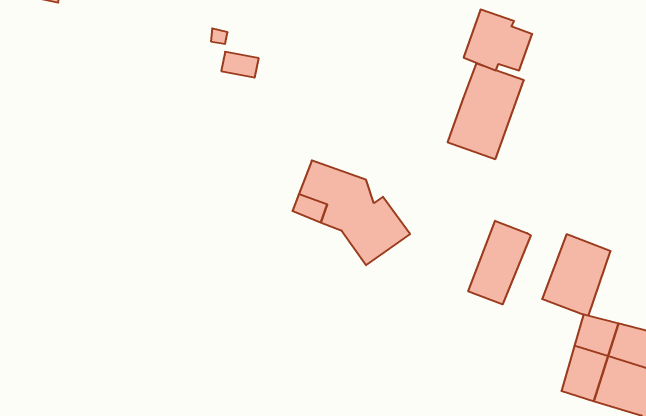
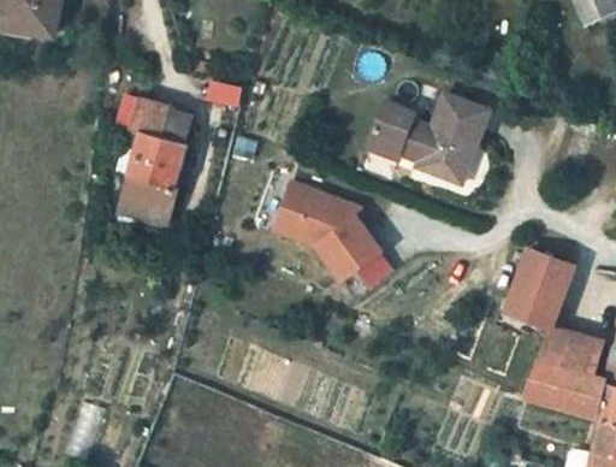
building: [464,10,532,70] -> [368,102,432,159]
building: none -> [126,100,195,223]
building: [468,221,531,304] -> none

